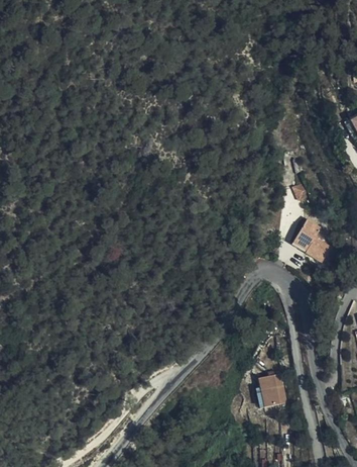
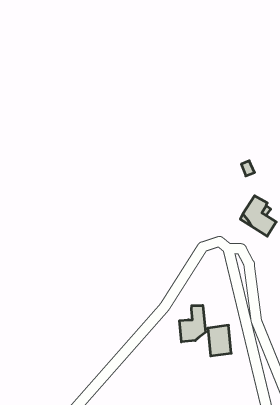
building: none -> [180,305,205,342]

